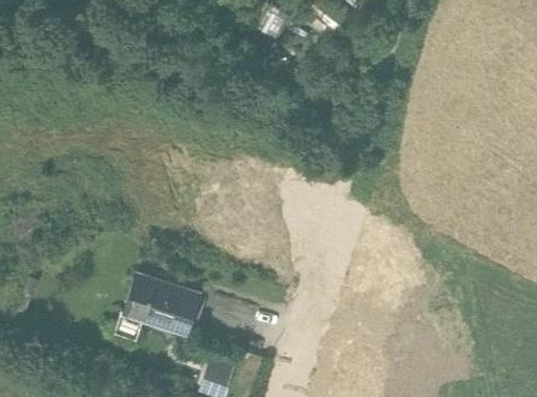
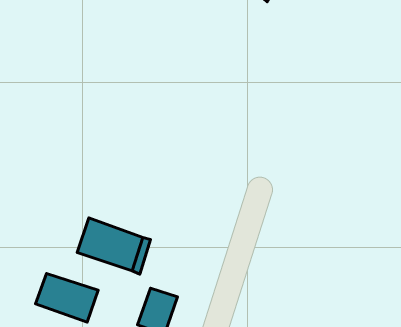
building: none -> [35,273,98,322]

